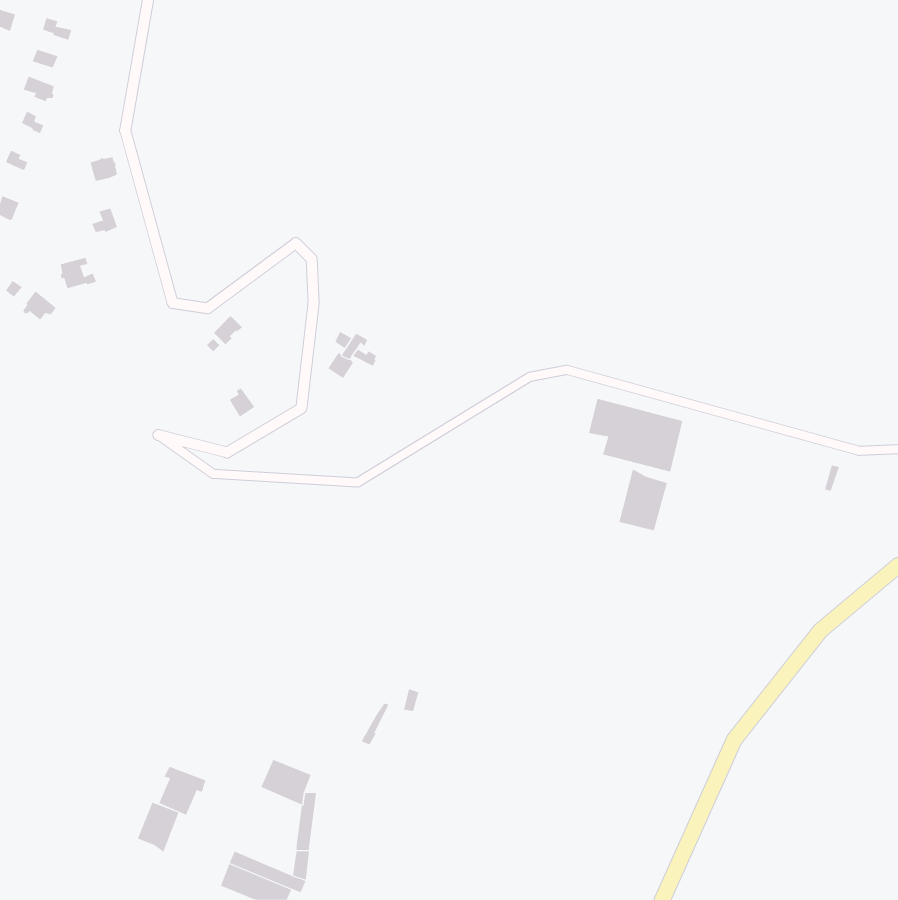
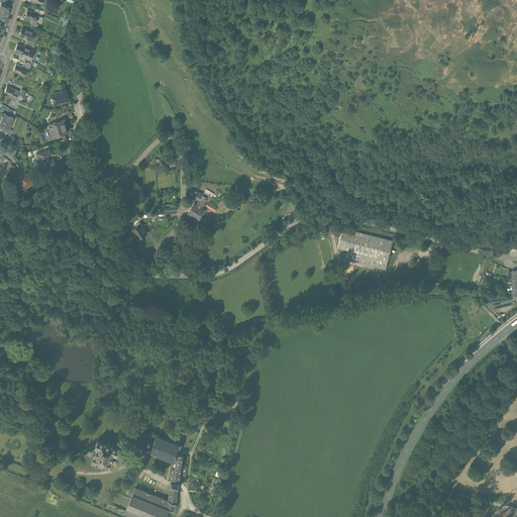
building: [619,469,668,531] -> none
building: [137,802,179,853] -> none

